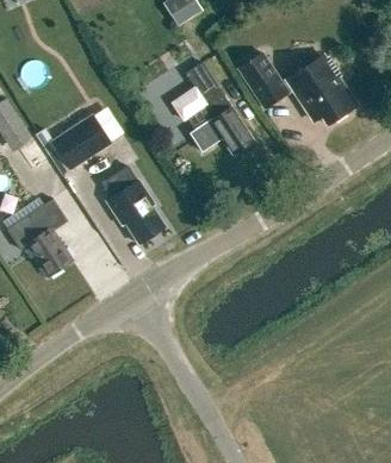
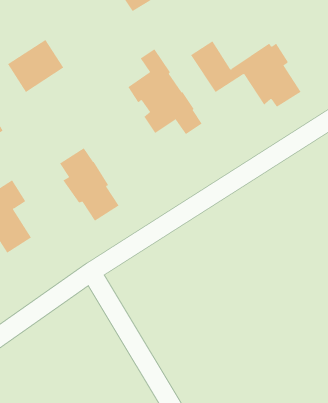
building: [51,112,111,168] -> [7,39,64,93]

